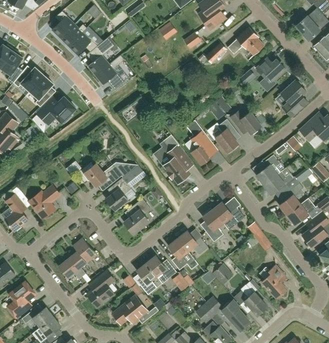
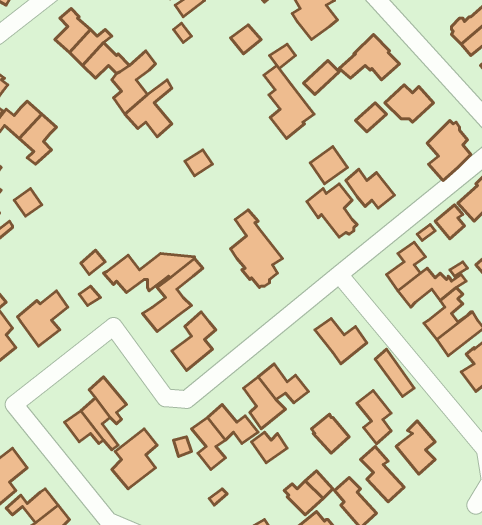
building: [37,97,75,124] -> none
building: [187,120,218,165] -> [264,66,314,139]
building: [202,209,223,242] -> [357,390,391,444]
building: [112,296,147,324] -> none

